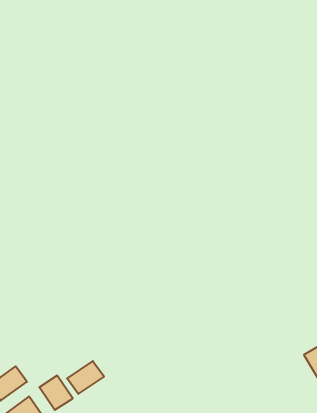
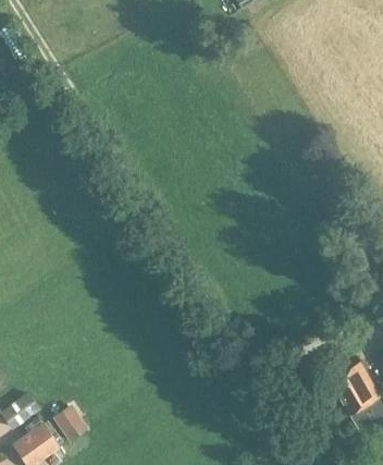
building: [67,361,104,394] -> none

